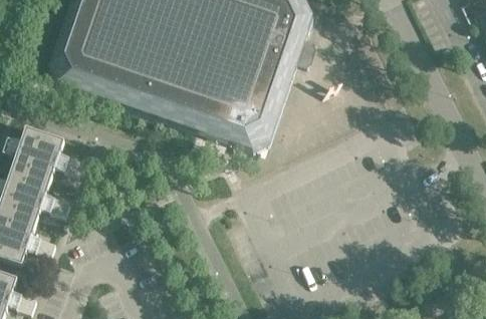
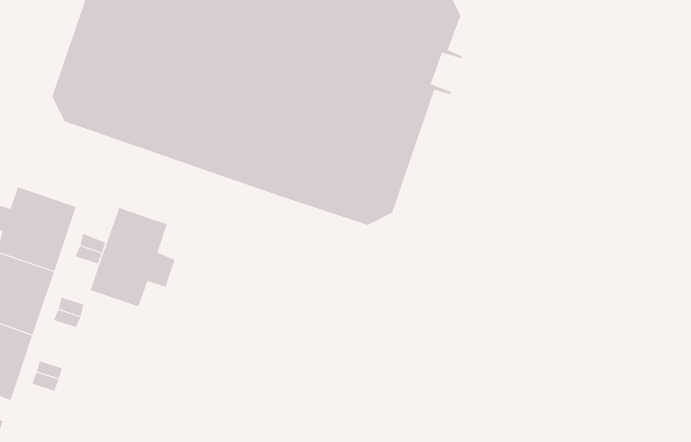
building: none -> [90,207,175,307]

